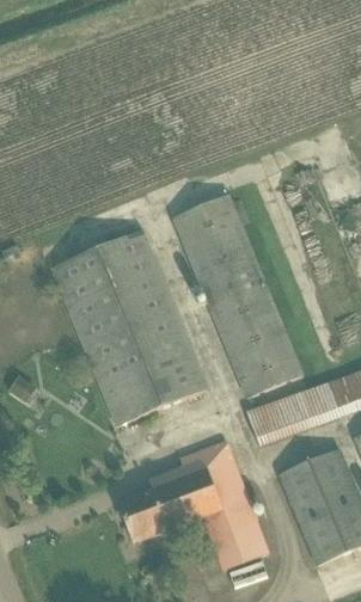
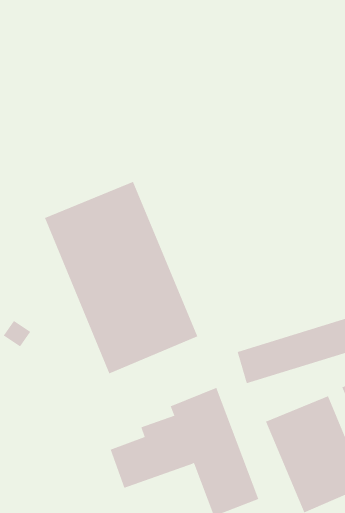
building: [171,196,304,399] -> none

